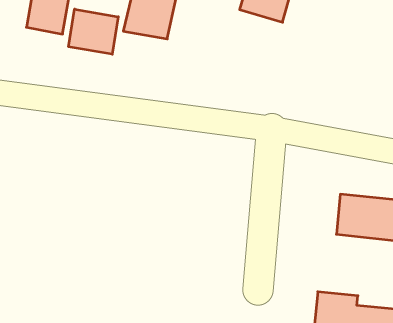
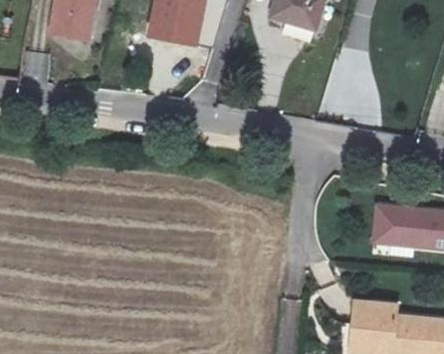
building: [69,9,118,54] -> none

